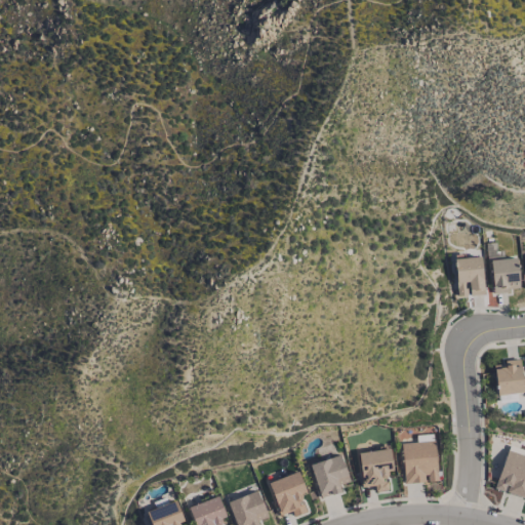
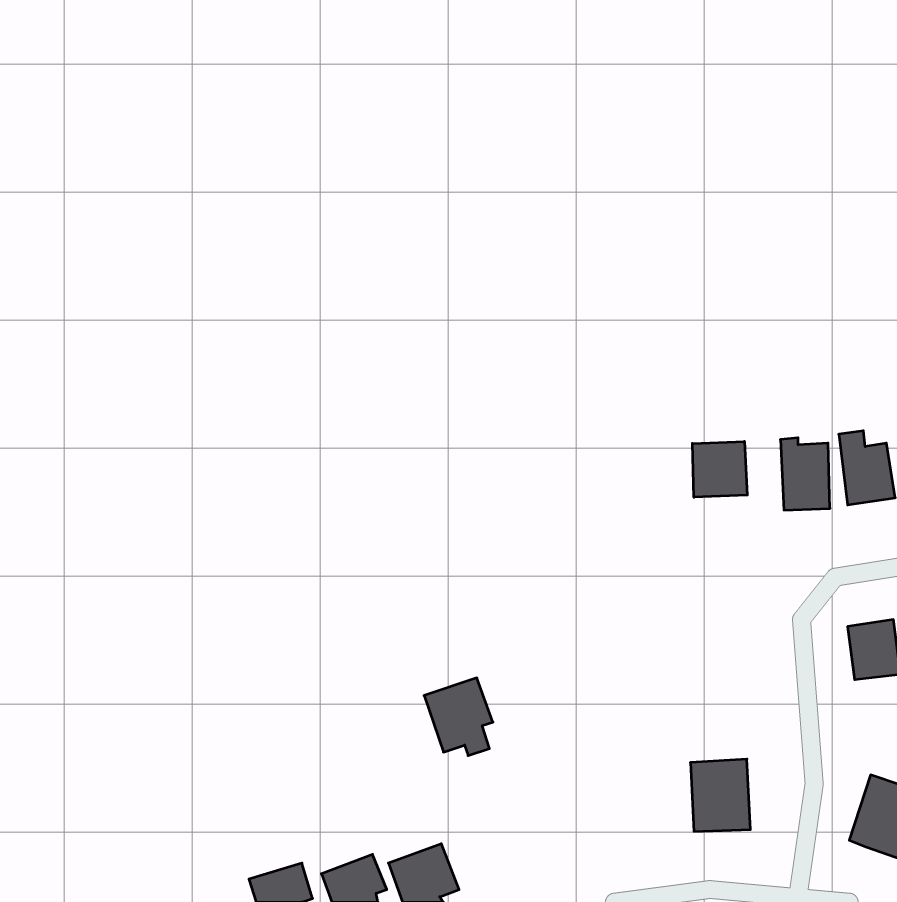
building: none -> [692,441,747,497]
building: [360,448,395,492] -> none
building: [311,454,352,498] -> none
building: [270,472,310,517] -> [424,678,493,756]

